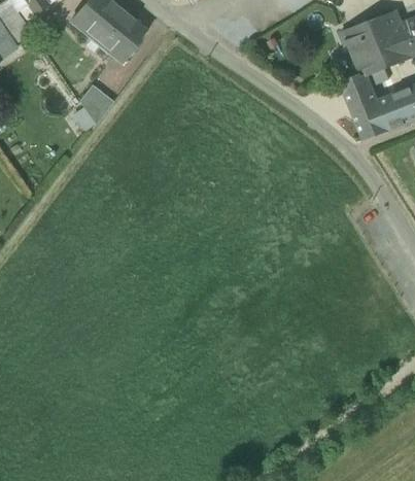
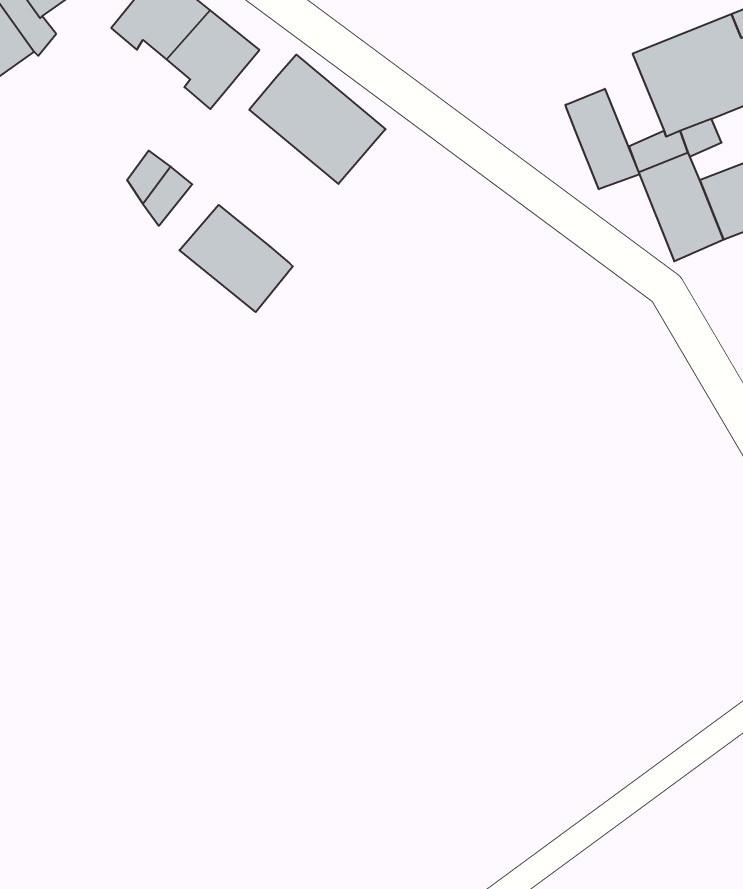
building: none -> [249,55,386,184]
building: none -> [565,89,640,189]
building: none -> [179,205,293,312]

